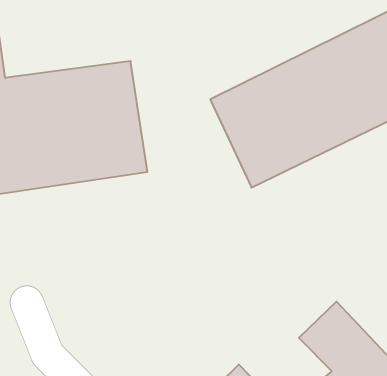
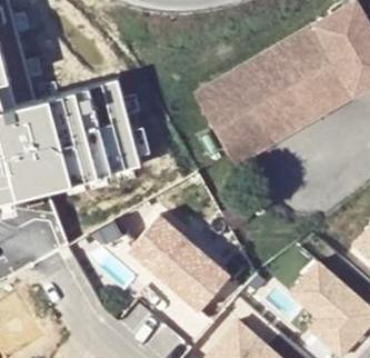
building: none -> [127,207,236,311]

